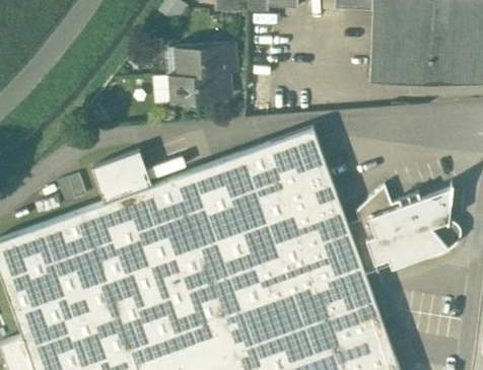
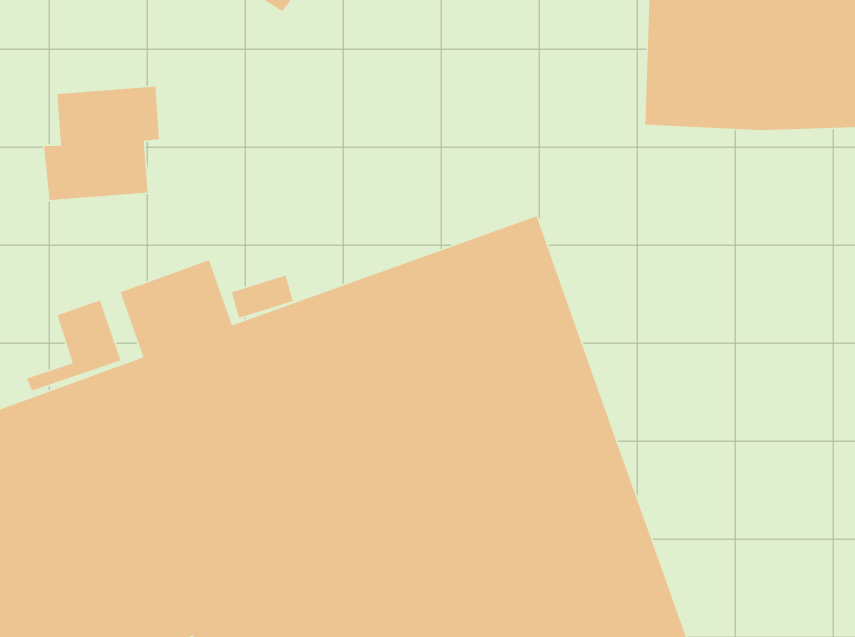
building: [168,43,230,103] -> [43,86,160,201]
building: [348,182,461,271] -> none

